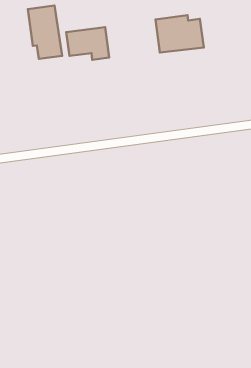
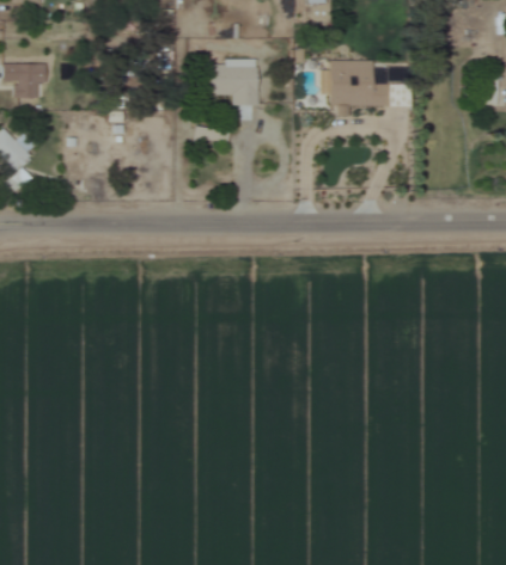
building: [28,5,62,59] -> none

